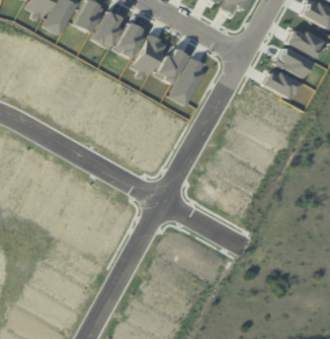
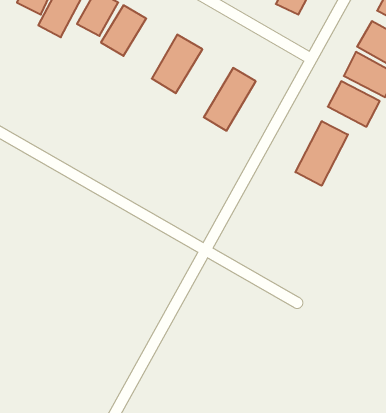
building: [112,21,147,60] -> none
building: [153,46,188,85] -> none
building: none -> [295,121,348,186]

